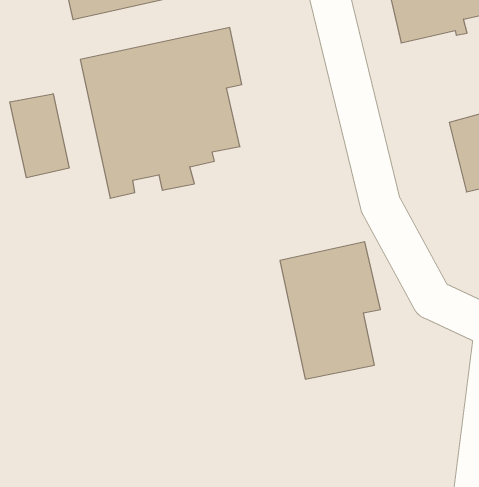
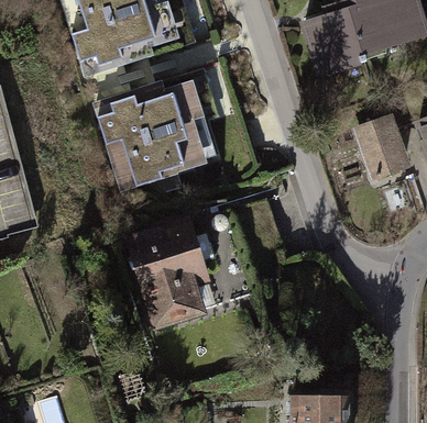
building: [10,94,69,178] -> none
building: [280,242,380,379] -> [132,227,208,331]

